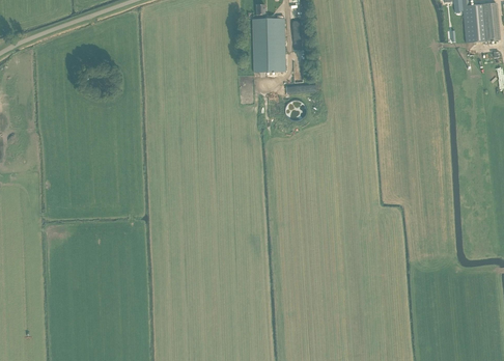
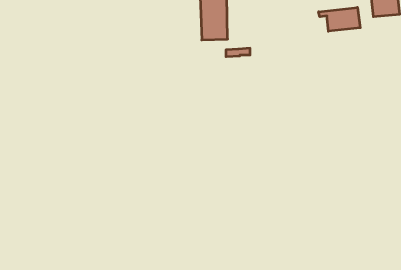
building: none -> [319,7,360,31]

